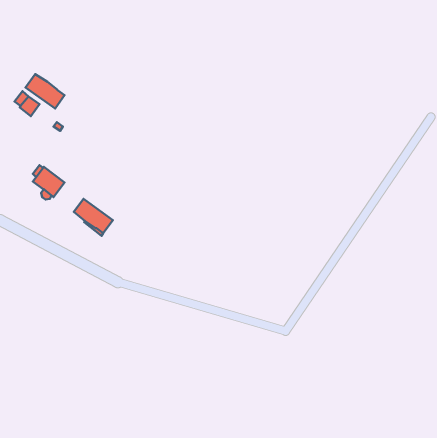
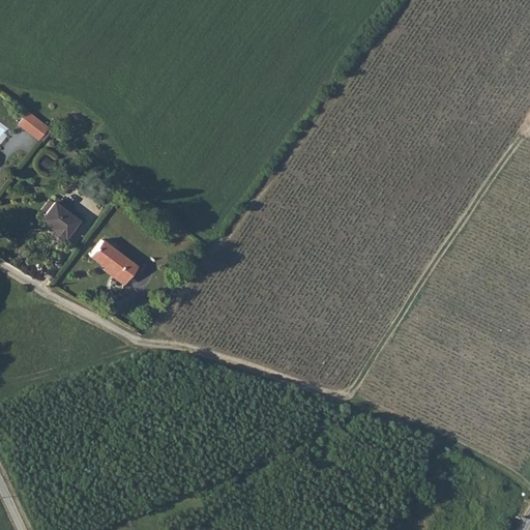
building: [26,74,65,108] -> none

